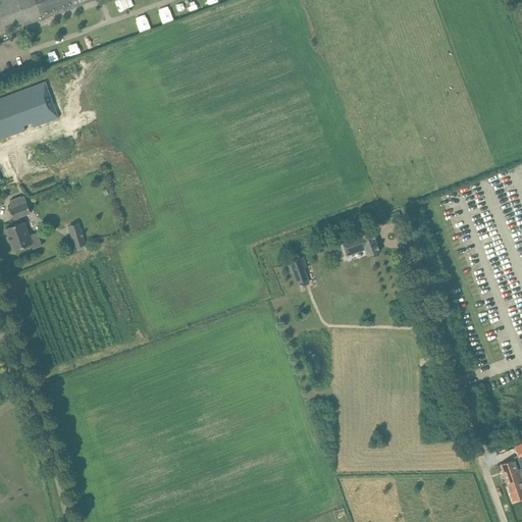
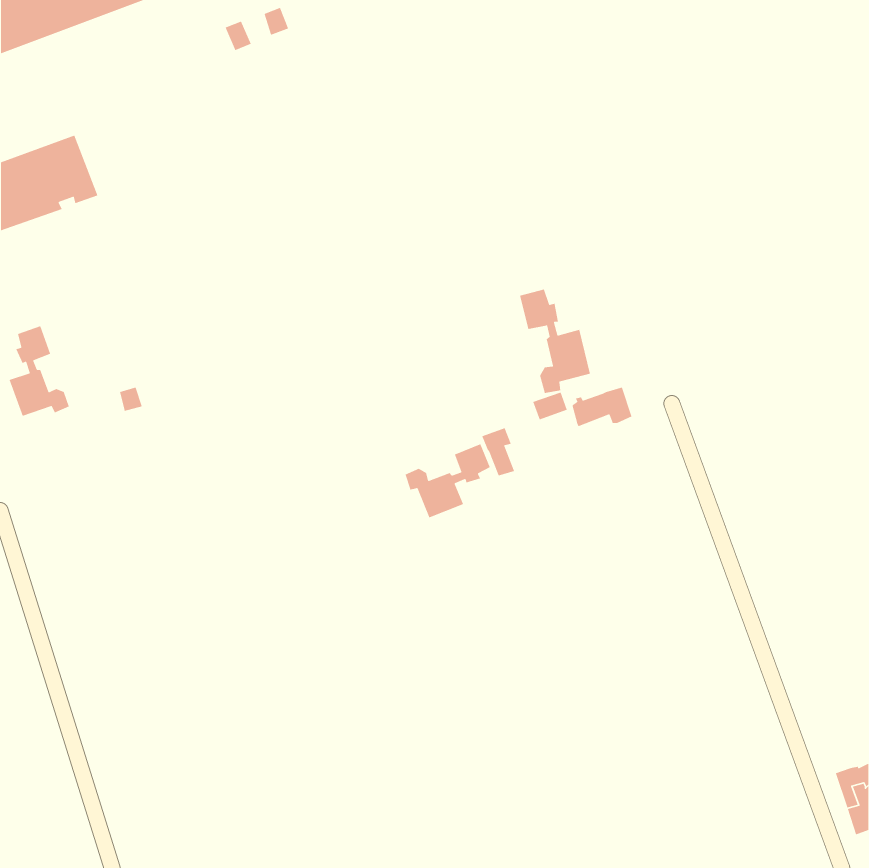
building: none -> [519,289,591,394]
building: none -> [405,443,491,518]

